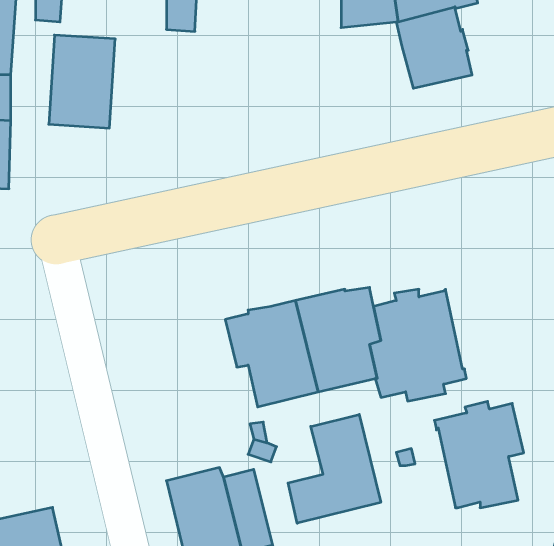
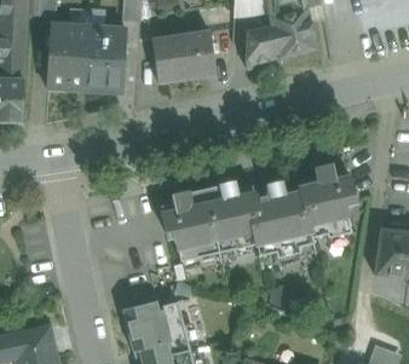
building: none -> [86,28,127,87]
building: none -> [152,31,215,82]
building: none -> [244,33,280,68]
building: [434,401,524,508] -> [298,171,355,238]
building: [288,414,381,523] -> none

